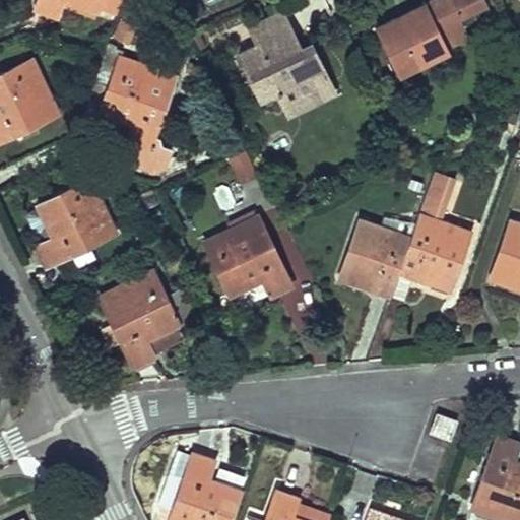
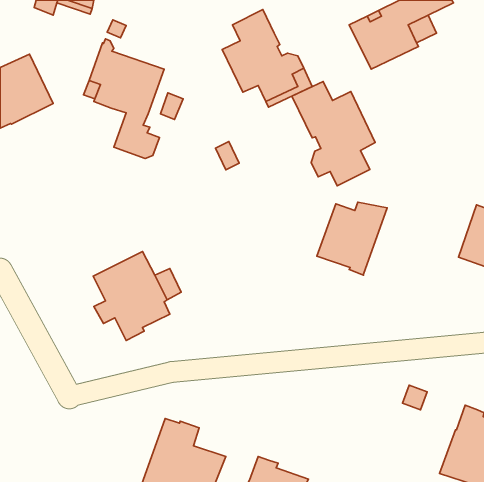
building: none -> [292,81,375,186]
building: [390,175,469,302] -> none
building: [37,181,117,268] -> none
building: [206,214,292,298] -> none

